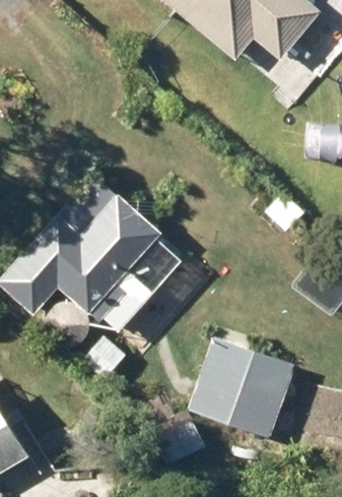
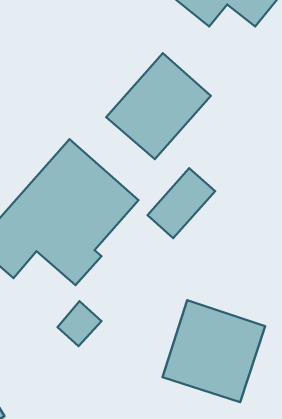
building: none -> [106,53,211,159]

